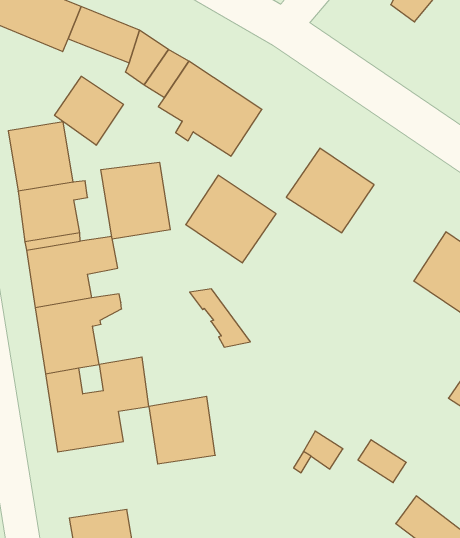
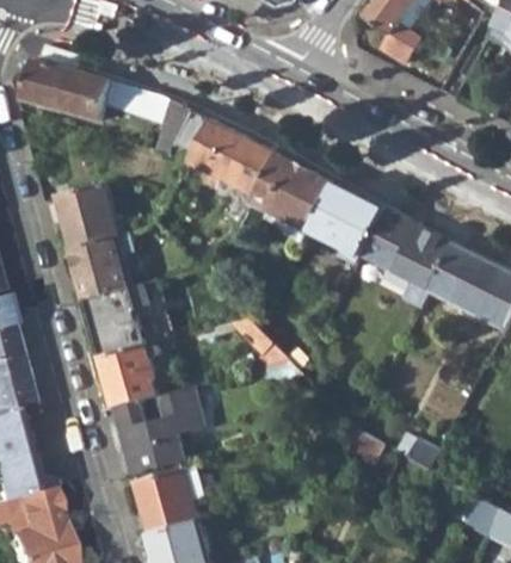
building: [55,76,123,145] -> none
building: [101,162,170,239] -> none
building: [186,175,276,263] -> [258,154,337,229]
building: none -> [364,210,456,309]
building: [149,396,215,464] -> [137,469,201,533]

